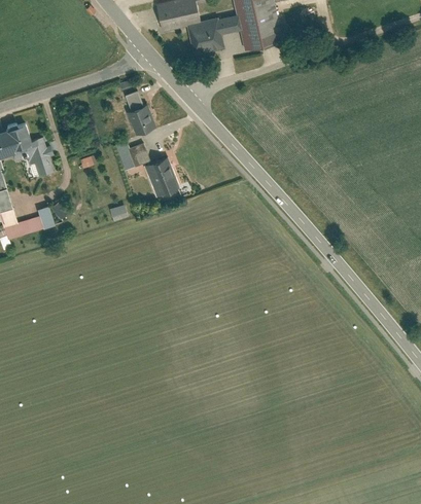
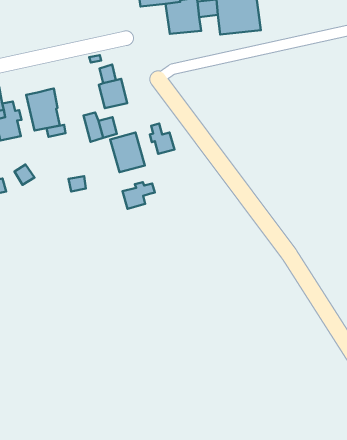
building: none -> [26,88,60,131]
building: none -> [150,123,174,154]
building: none -> [122,182,155,209]

